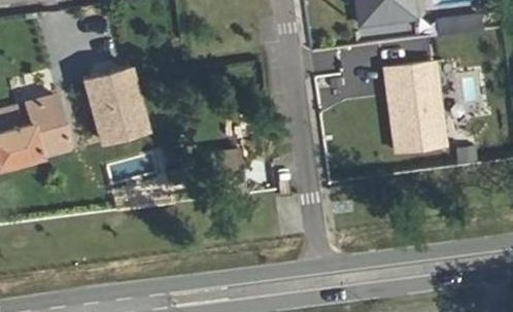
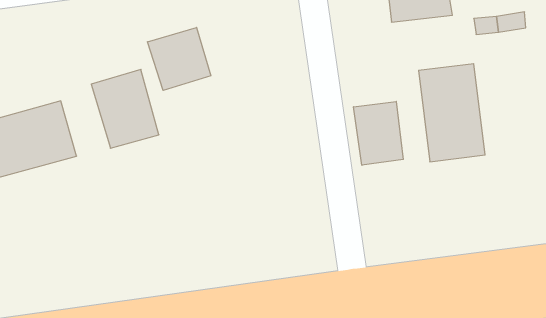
building: none -> [147,27,211,90]
building: none -> [354,101,403,165]

